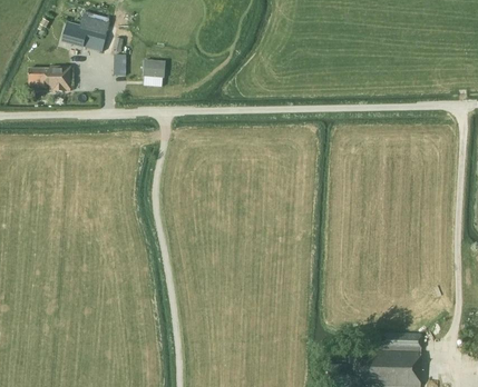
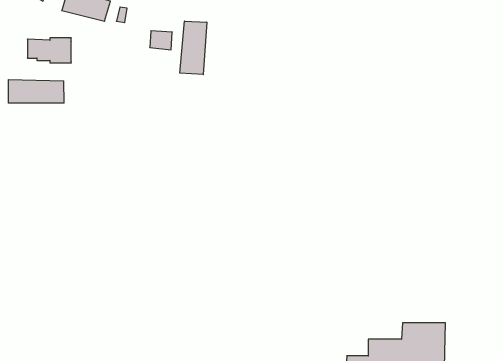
building: none -> [180,21,207,75]
building: none -> [8,80,64,103]

